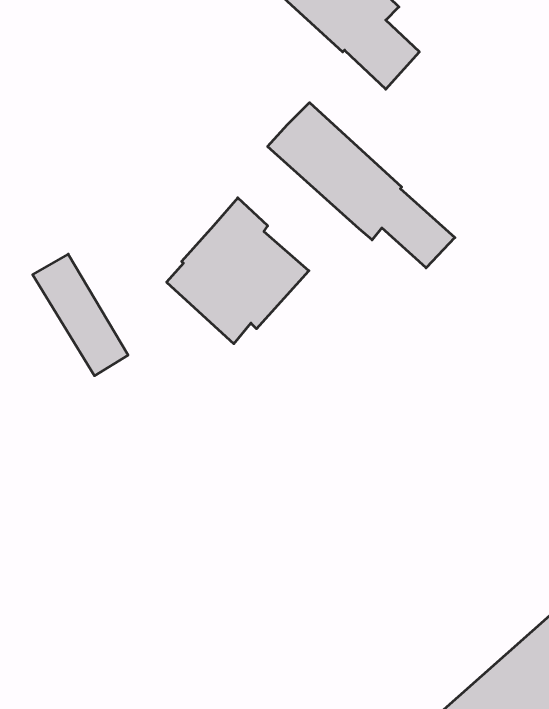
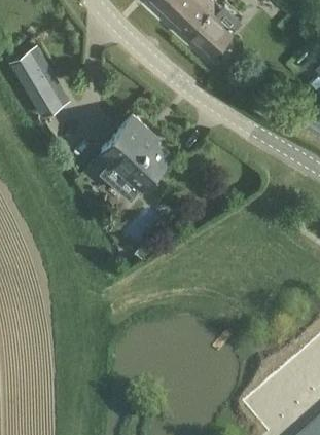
building: [268,103,455,268] -> none
building: [33,254,128,376] -> [11,50,64,117]

